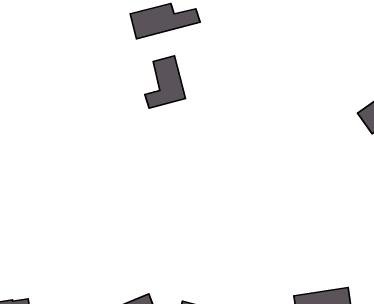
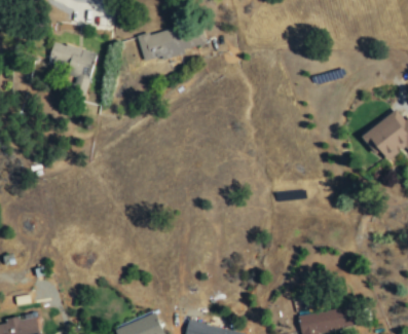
building: none -> [47,40,97,91]
building: [145,56,186,108] -> none

